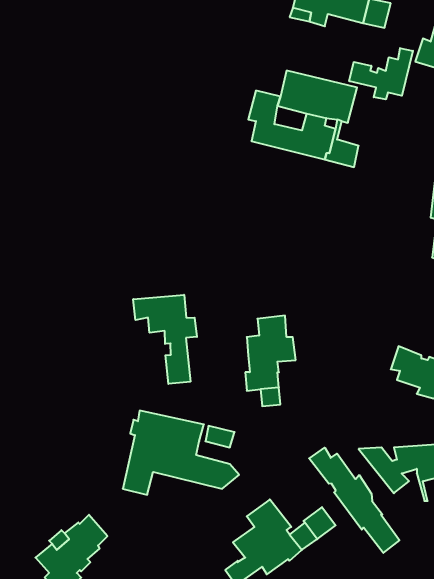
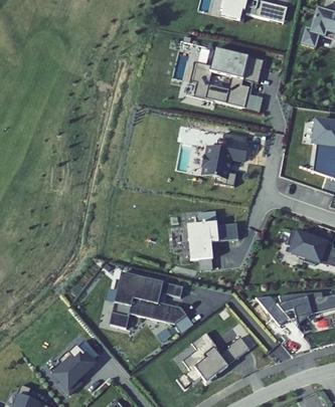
building: [349,48,413,99] -> none
building: none -> [201,139,247,186]
building: [133,295,197,384] -> none
building: [309,448,399,553] -> none

